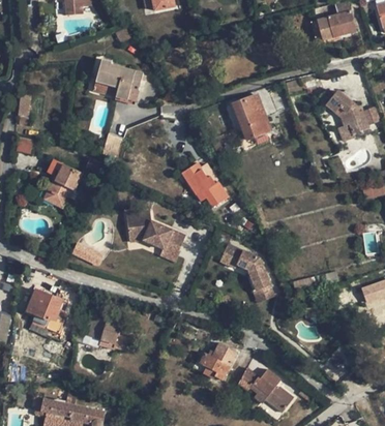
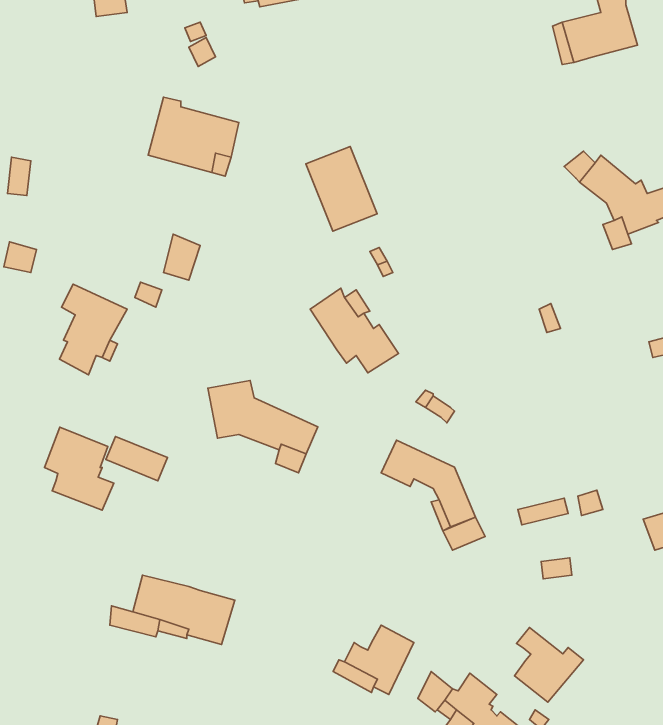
building: [233,94,271,140] -> [306,146,377,231]
building: [28,288,65,333] -> [44,427,114,510]
building: none -> [514,628,583,702]

